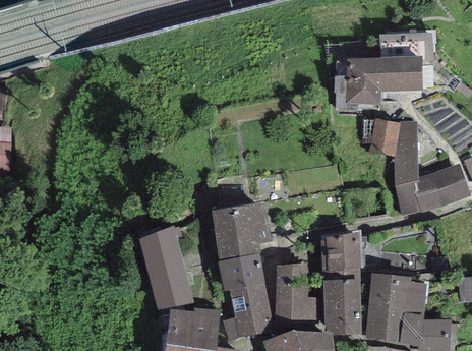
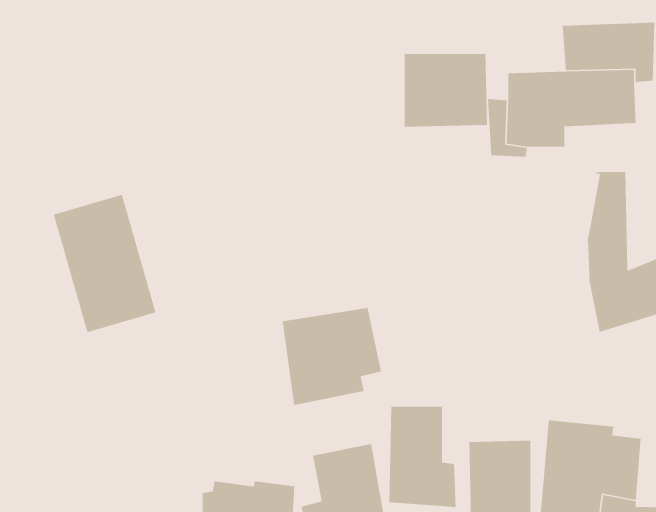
building: none -> [404,53,488,128]
building: [368,118,401,157] -> none
building: [131,227,193,310] -> [53,194,156,333]
building: [320,233,362,283] -> none
building: [218,253,264,292] -> none

